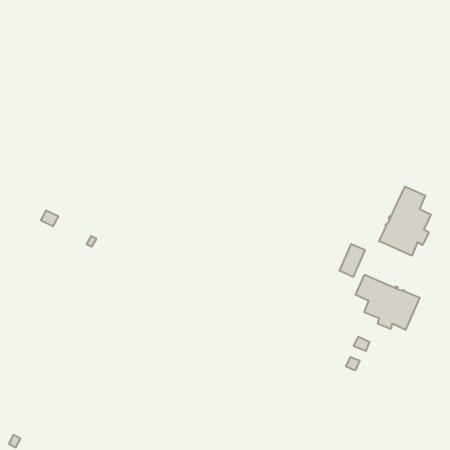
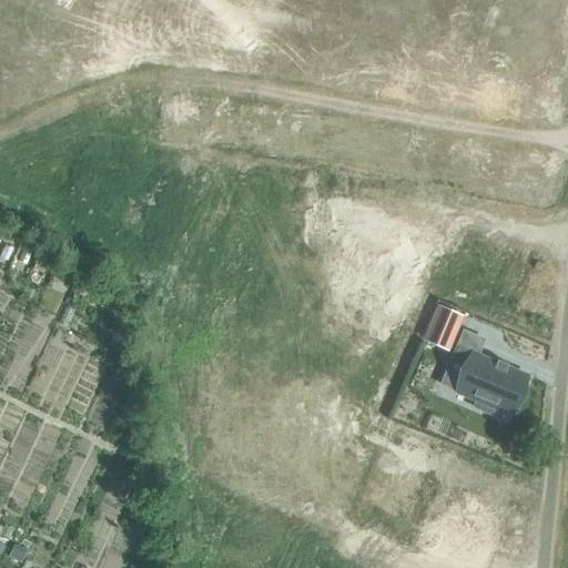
building: [379,187,431,256] -> none

